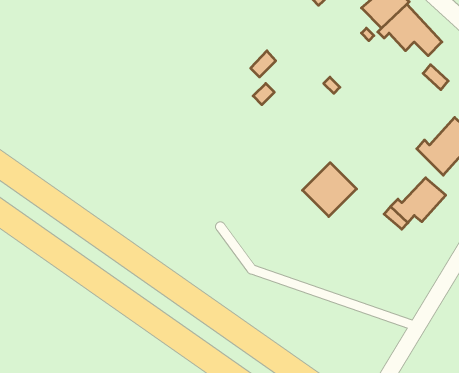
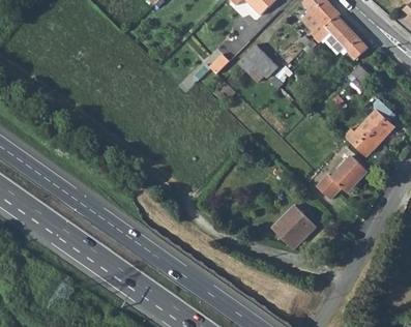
building: none -> [244,44,278,84]
building: [302,163,357,217] -> [271,204,316,248]

